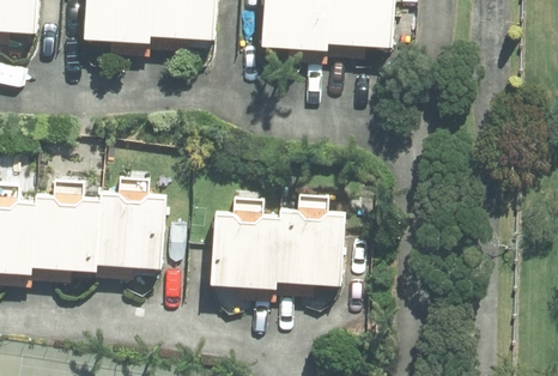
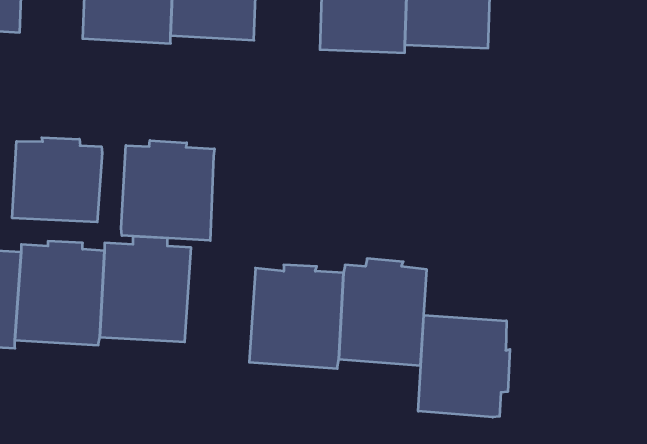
building: none -> [12,138,102,222]
building: none -> [121,140,214,241]
building: none -> [418,315,510,417]

